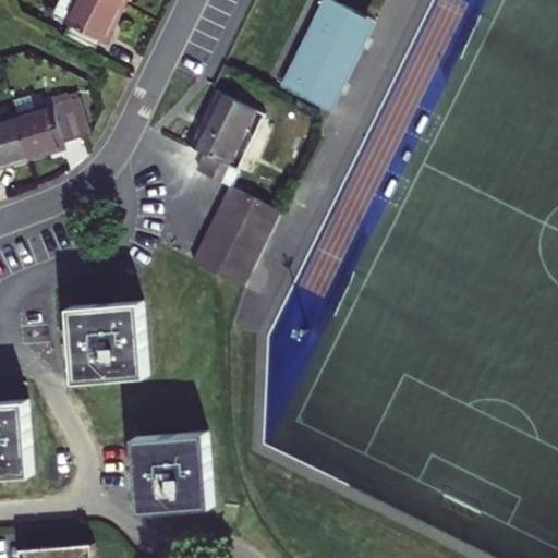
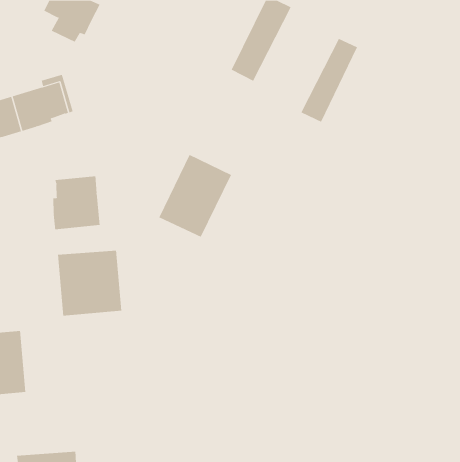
building: [305,10,374,111] -> [301,38,358,122]
building: [187,90,263,186] -> none
building: none -> [53,175,100,230]
building: [134,433,213,512] -> none

